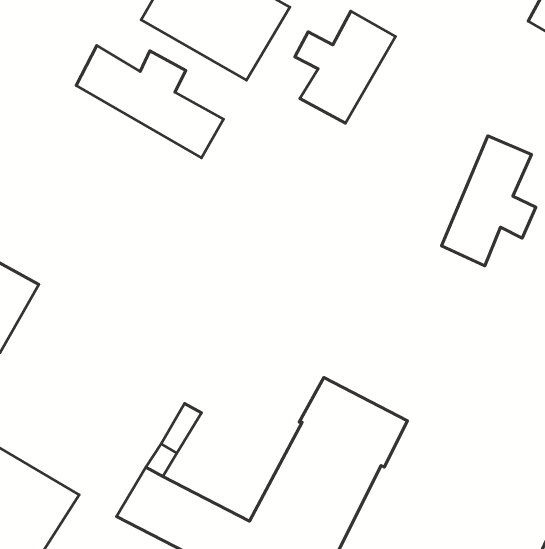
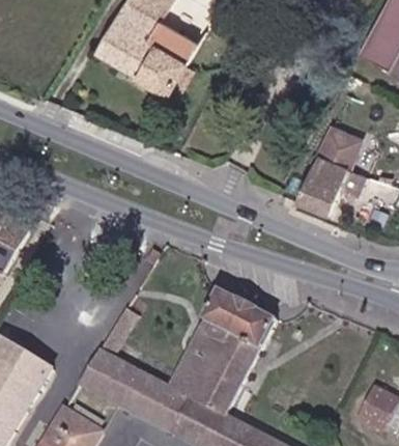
building: [295,11,395,123] -> none
building: [76,46,223,158] -> none

